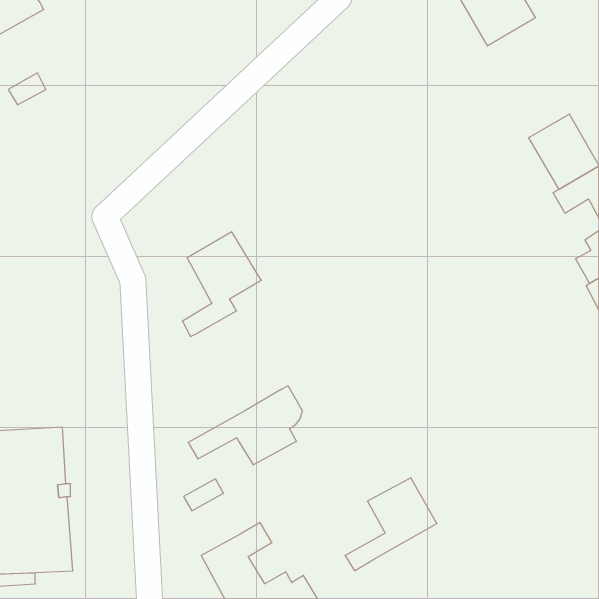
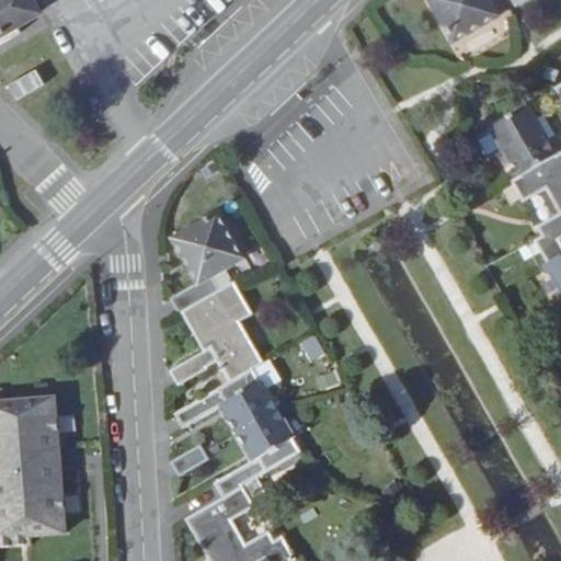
building: none -> [170,283,262,386]
building: [345,478,437,571] -> [215,411,300,497]

